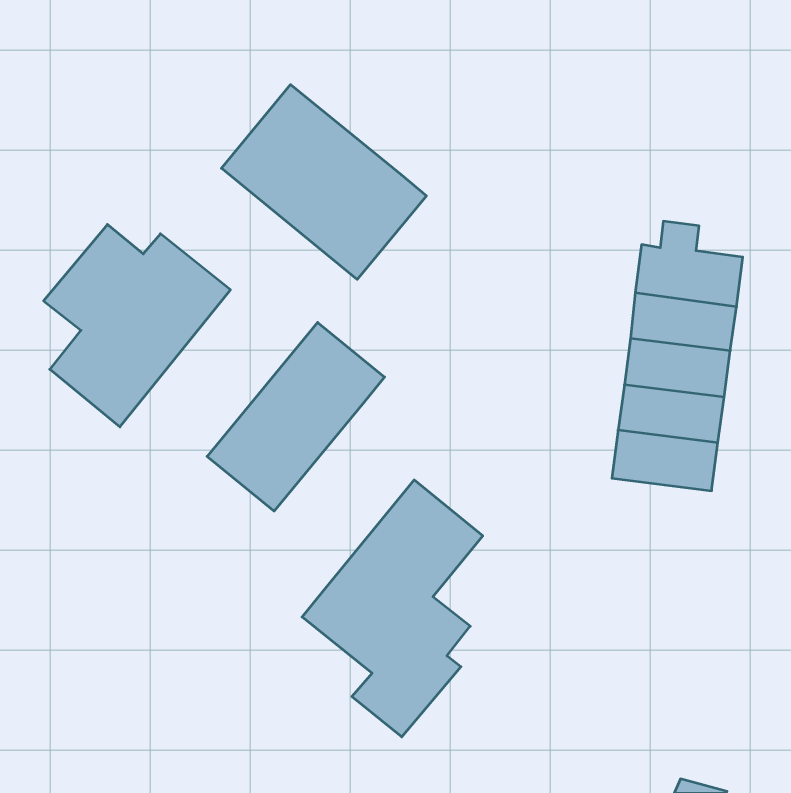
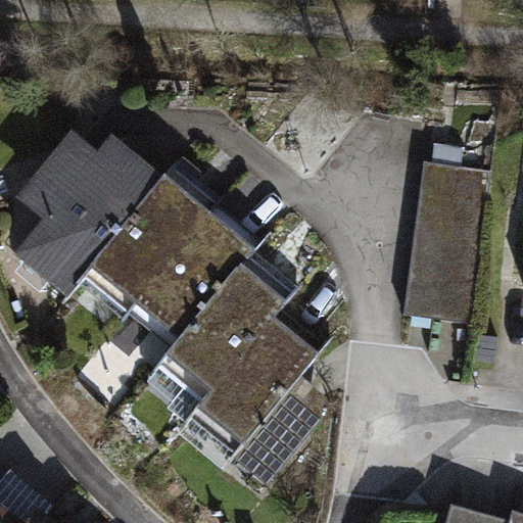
building: [221,85,426,279] -> none
building: none -> [76,175,208,319]
building: none -> [167,264,284,388]

